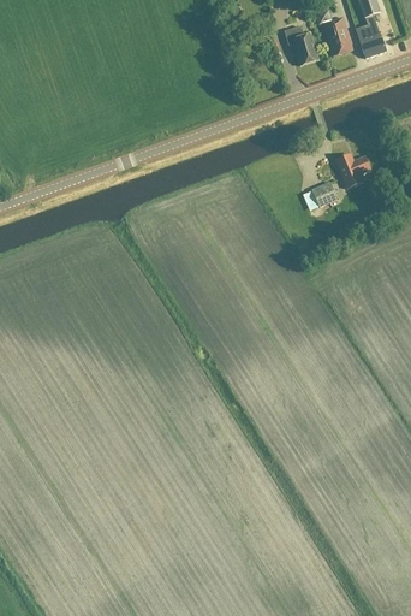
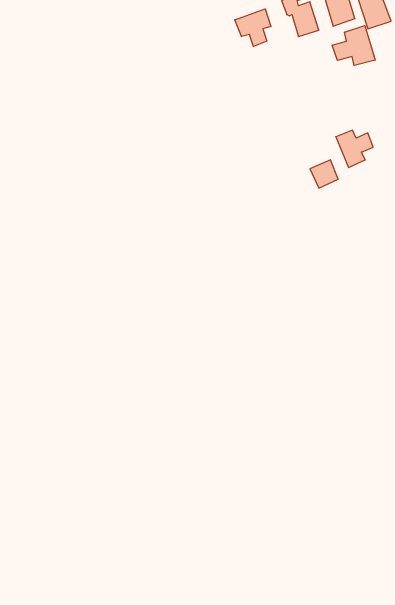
building: none -> [235,9,271,47]
building: none -> [332,26,375,66]

